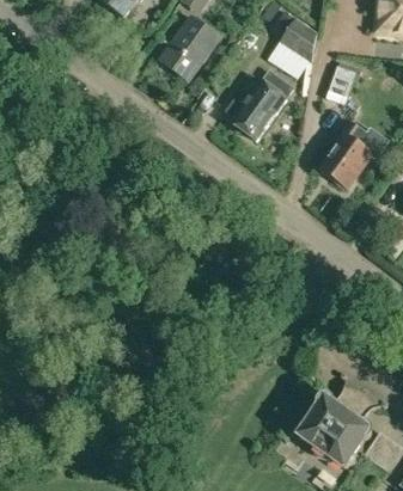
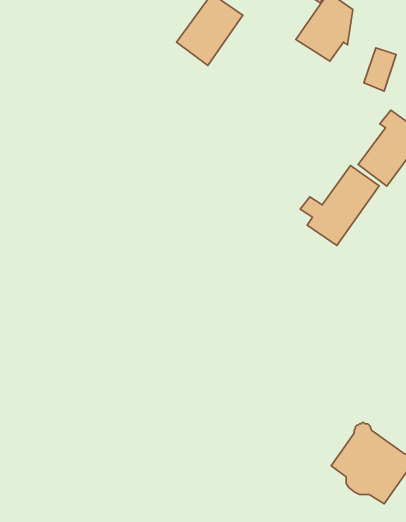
building: [225,69,294,140] -> [300,166,379,246]

